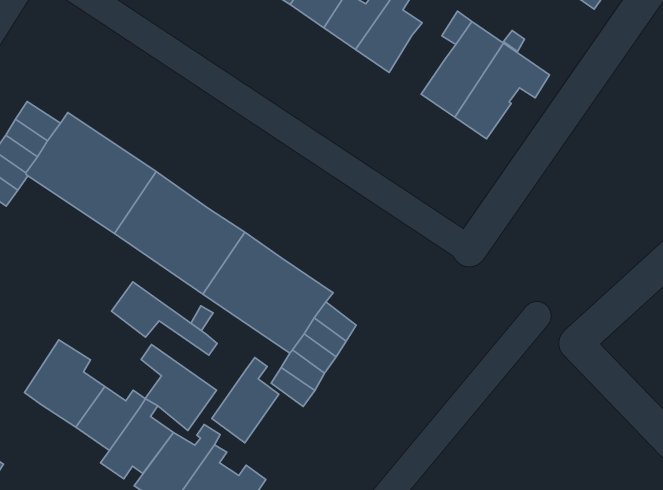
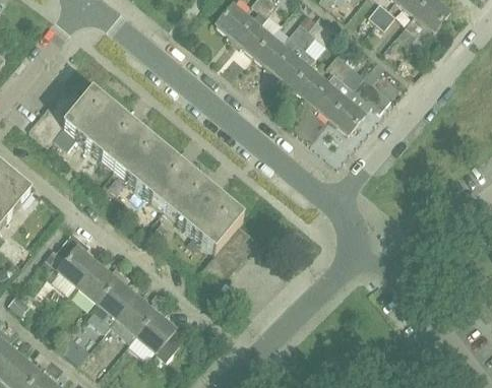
building: none -> [292,65,327,102]
building: [111,282,217,355] -> none
building: [141,345,216,430] -> none
building: [212,358,279,443] -> none

